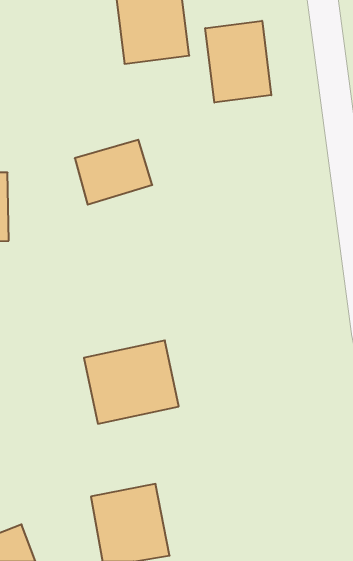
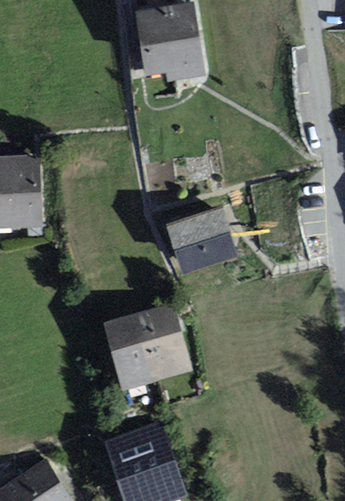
building: [205,21,271,103] -> none
building: [75,140,152,205] -> [167,212,234,268]

